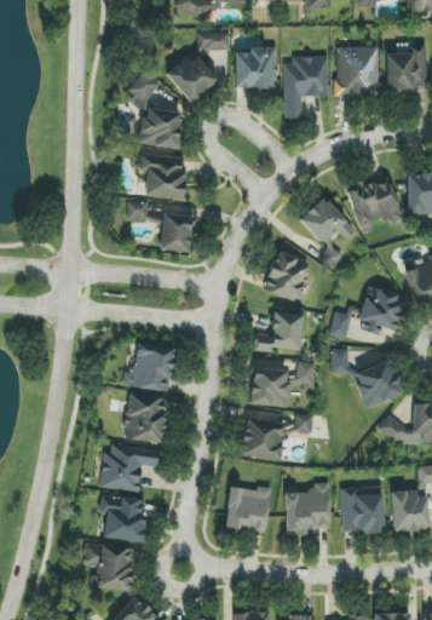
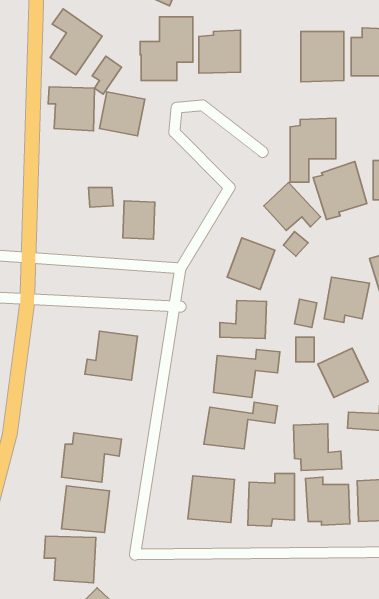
building: none -> [50,9,102,75]
building: [284,56,329,119] -> [290,118,336,182]
building: [139,155,185,199] -> [48,87,95,131]
building: [123,394,169,443] -> none
building: none -> [294,424,342,470]

